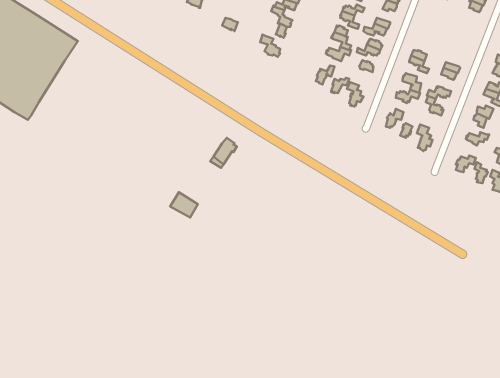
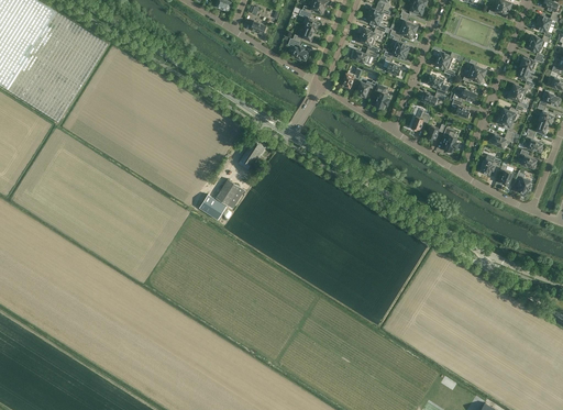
building: none -> [214,178,243,208]

